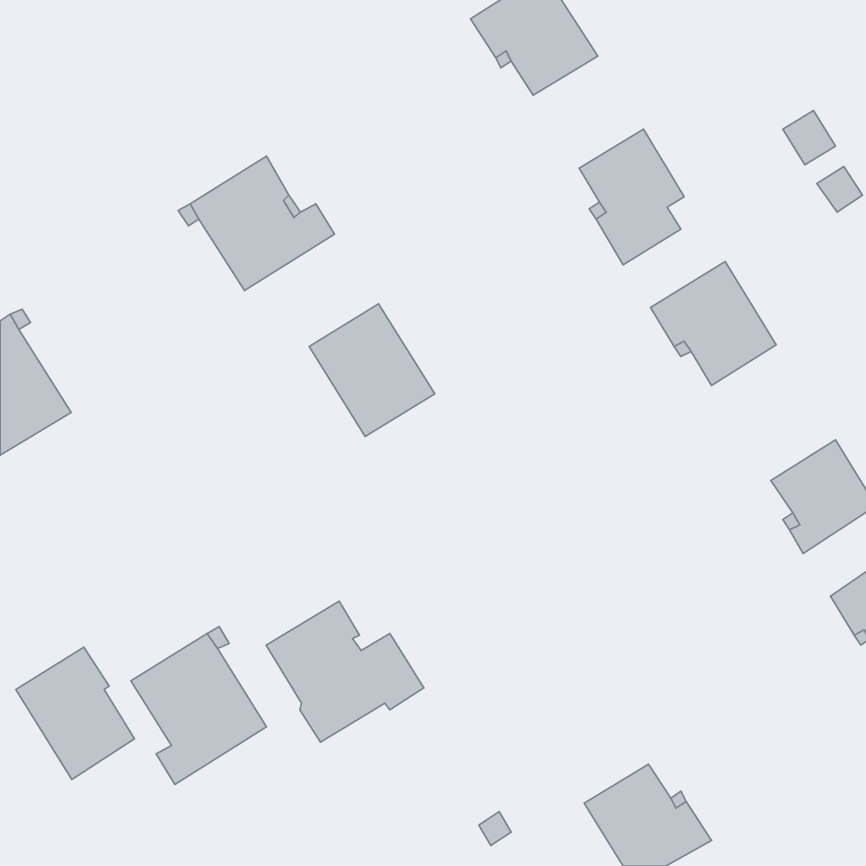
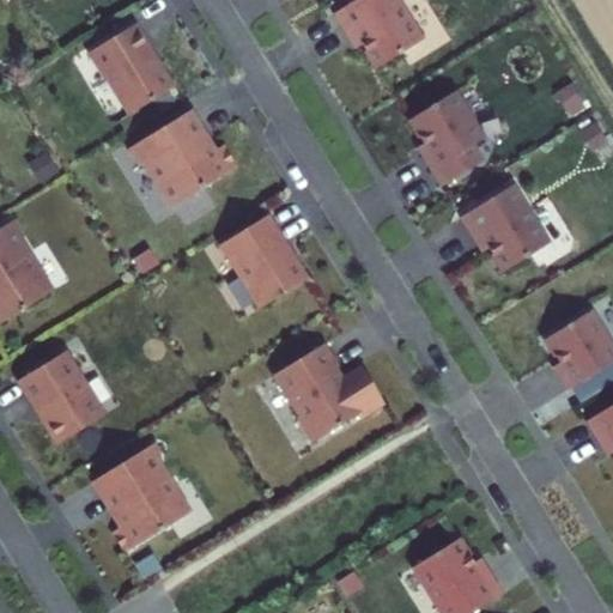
building: none -> [87,24,172,114]
building: [266,601,424,742] -> [274,342,386,442]
building: [16,647,135,780] -> [18,351,102,444]

